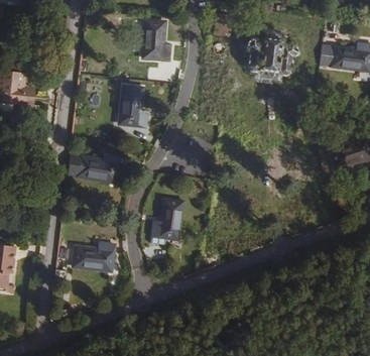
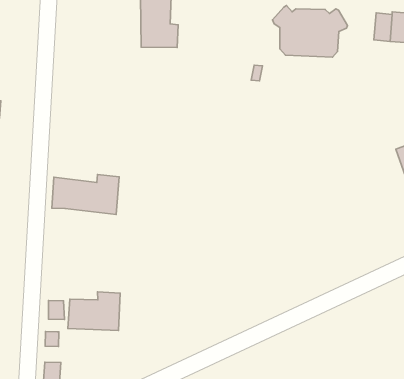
building: [118,85,148,126] -> none
building: [151,198,184,239] -> none

